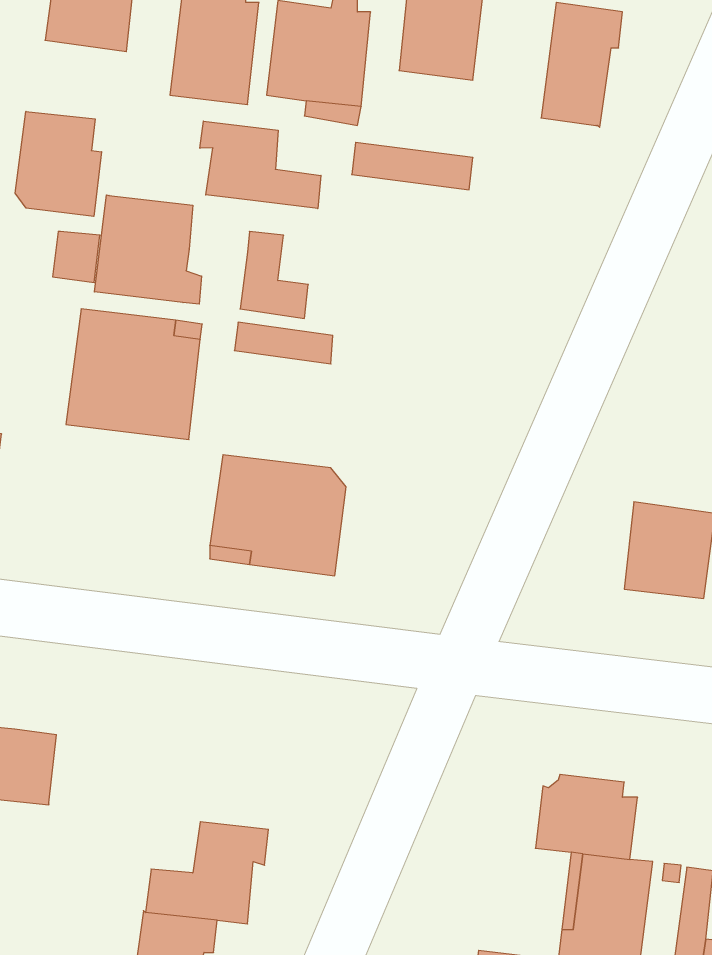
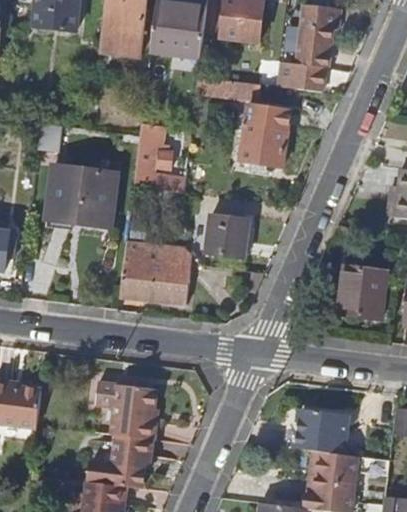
building: [15,111,102,216] -> none
building: none -> [277,62,325,93]
building: [200,121,321,209] -> none
building: [94,195,202,304] -> none
building: none -> [240,106,291,170]
building: none -> [206,217,249,259]
building: none -> [96,381,157,440]

